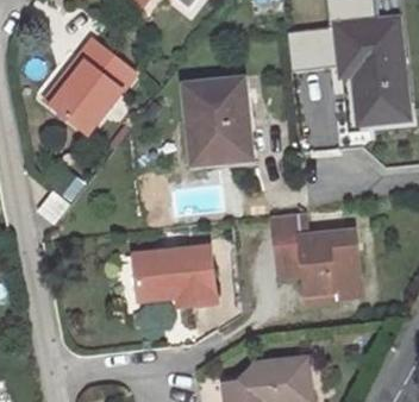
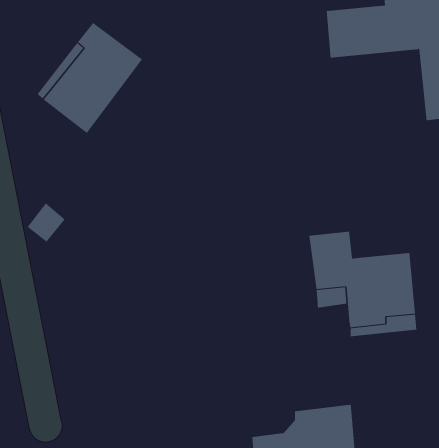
building: [186,81,246,164] -> none
building: [133,246,218,307] -> none

